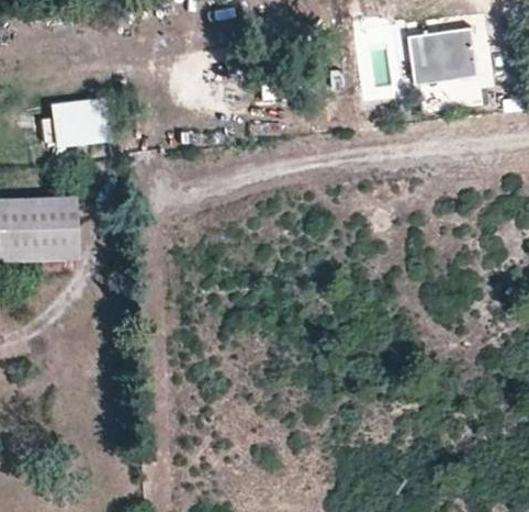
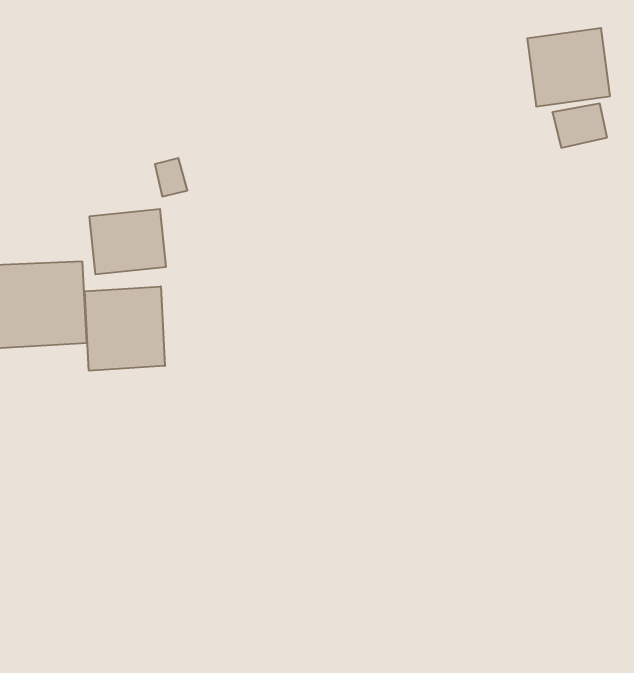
building: [52,98,109,146] -> [89,209,166,274]
building: none -> [85,286,165,371]

